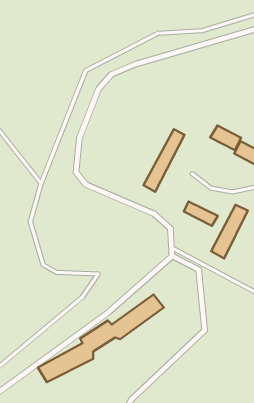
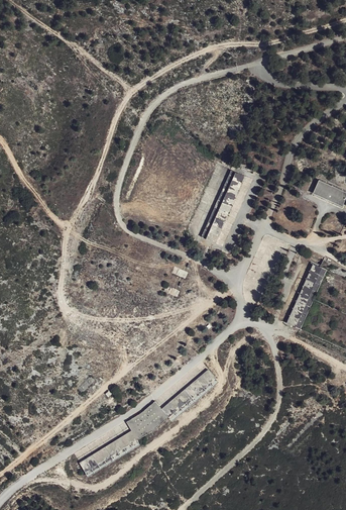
building: [210,125,241,150] -> none
building: [184,201,218,226] -> none

